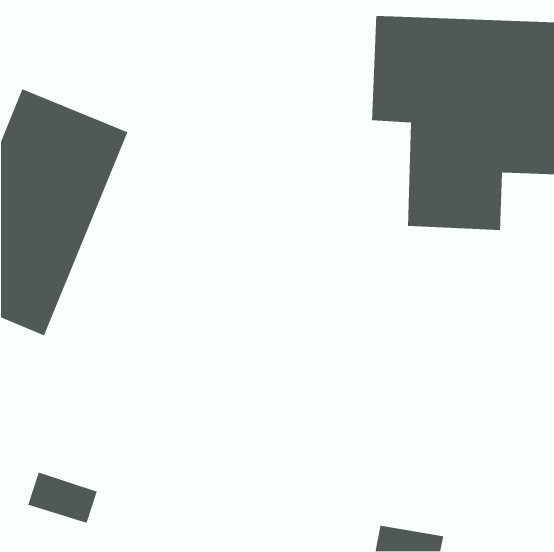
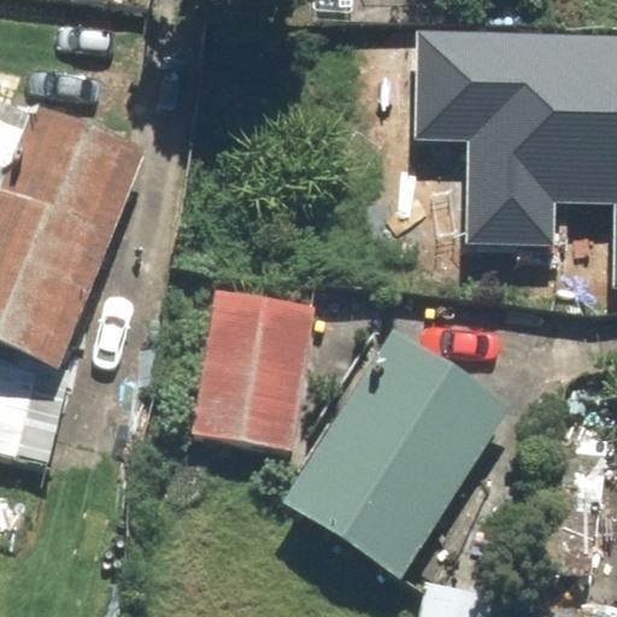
building: none -> [215,295,307,452]
building: none -> [280,333,510,582]

